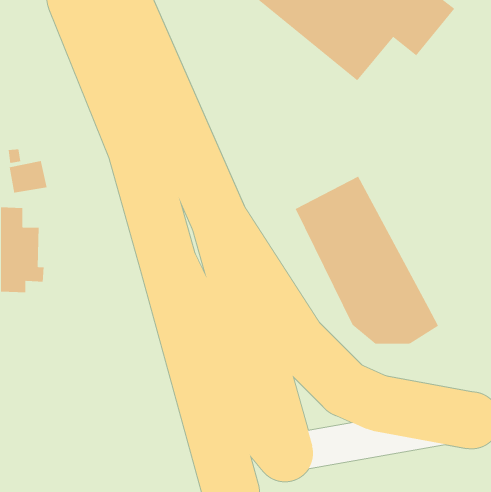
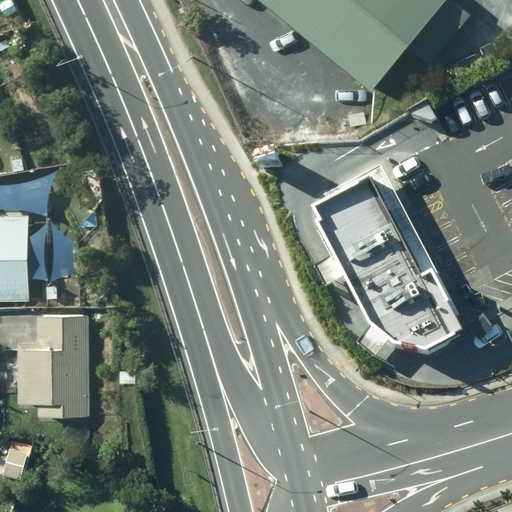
building: none -> [18,314,88,415]

